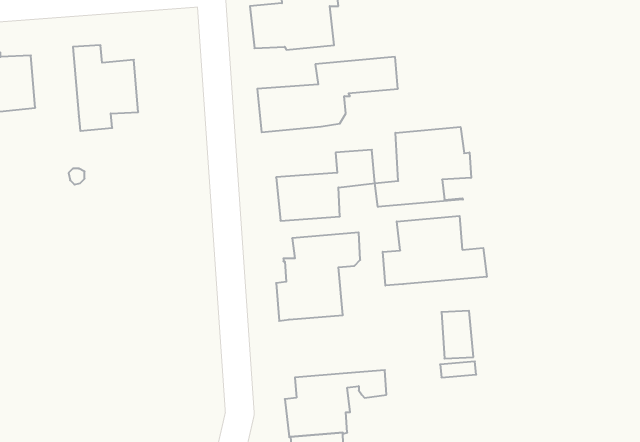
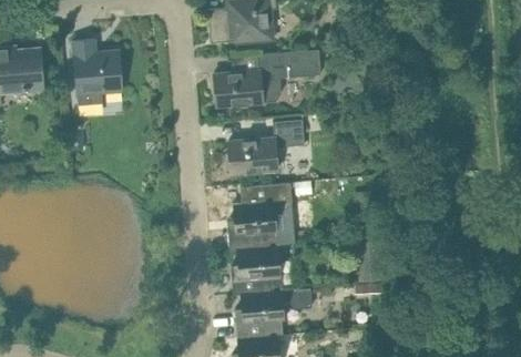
building: [375,127,471,207] -> none
building: [383,216,487,286] -> none
building: none -> [232,246,283,295]

